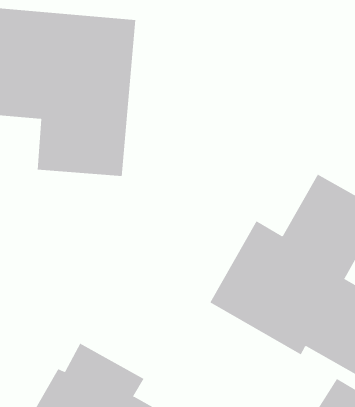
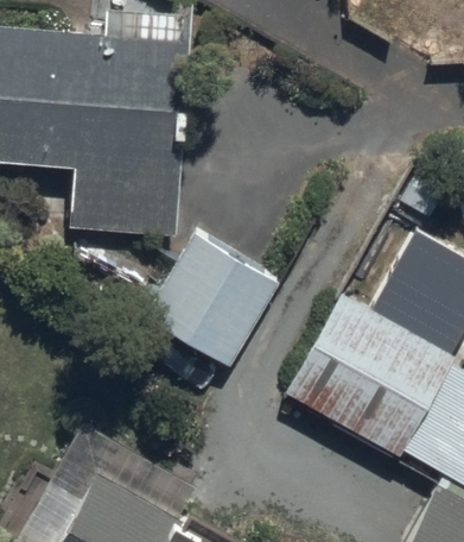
building: none -> [145,234,278,366]

